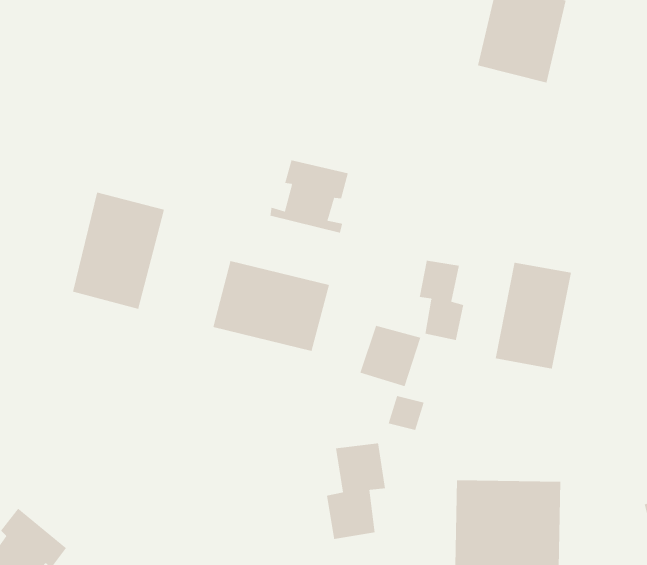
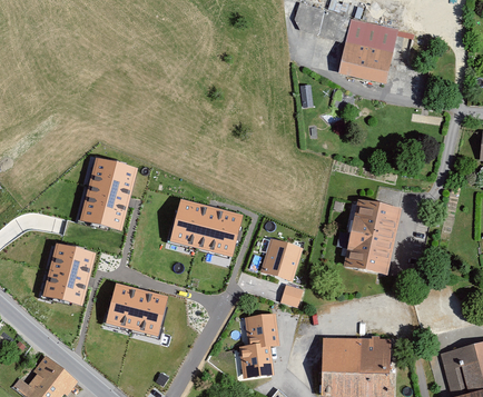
building: [270,159,348,234] -> none
building: [419,260,464,341] -> none
building: none -> [40,241,96,306]
building: none -> [106,282,167,336]

